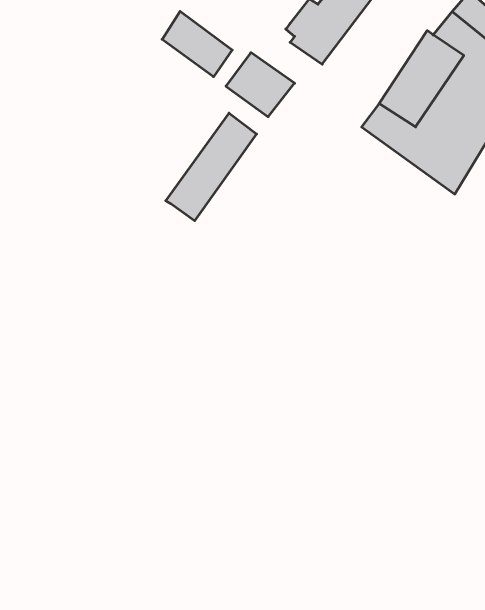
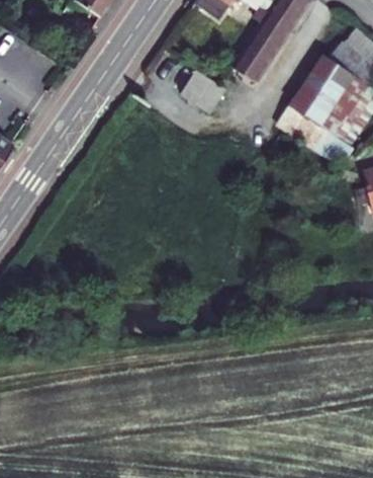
building: [162,11,232,77] -> none
building: [166,113,257,221] -> none

